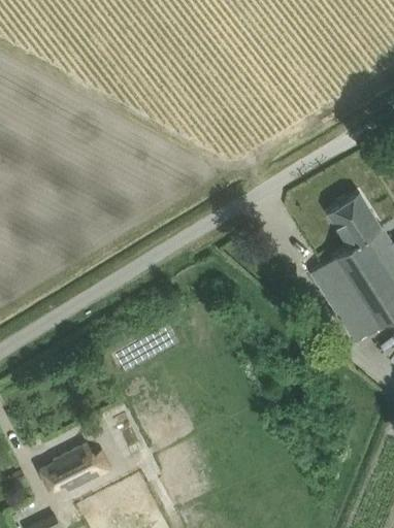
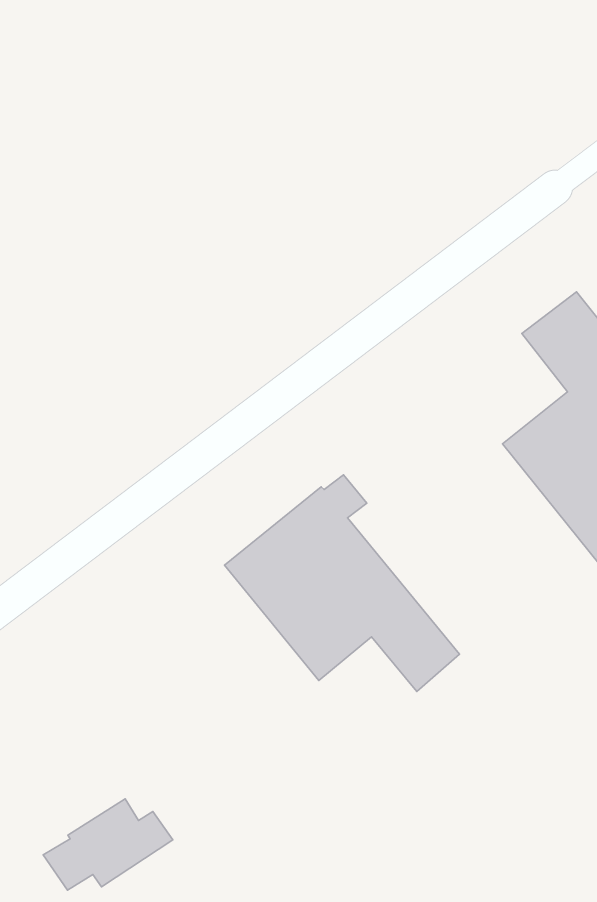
building: none -> [225,475,459,691]

